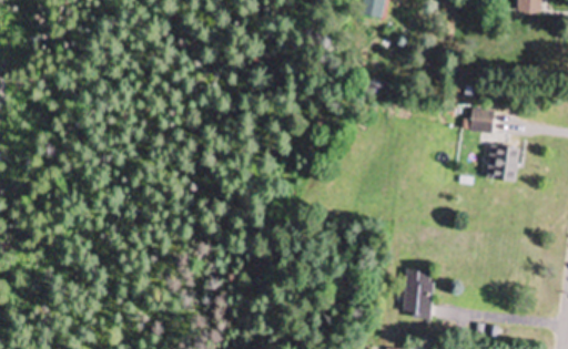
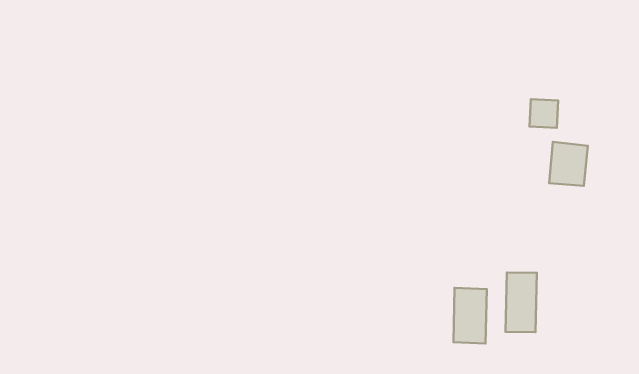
building: none -> [505,273,537,332]

